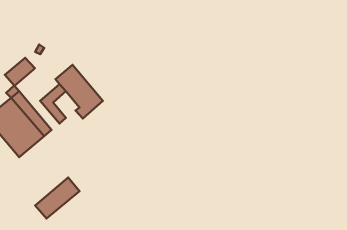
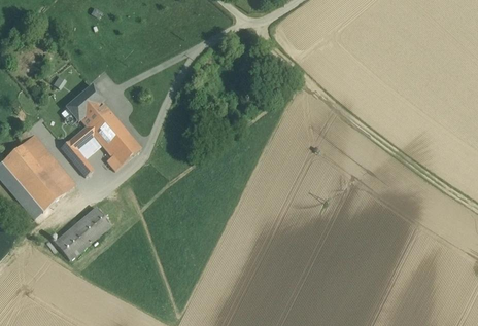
building: [5,58,35,86] -> [66,85,104,121]
building: [35,177,79,218] -> [55,207,111,259]

